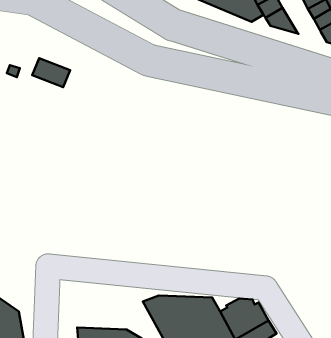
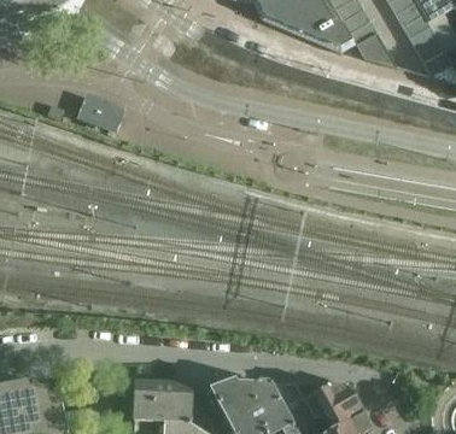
building: none -> [131,380,193,421]

